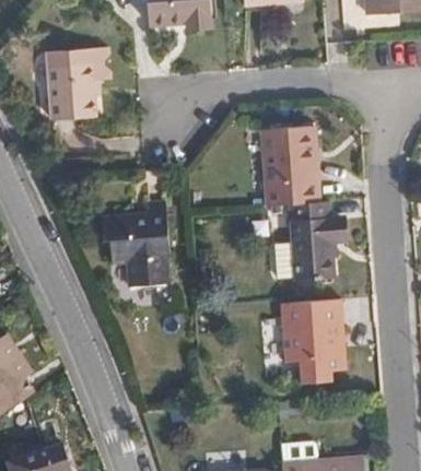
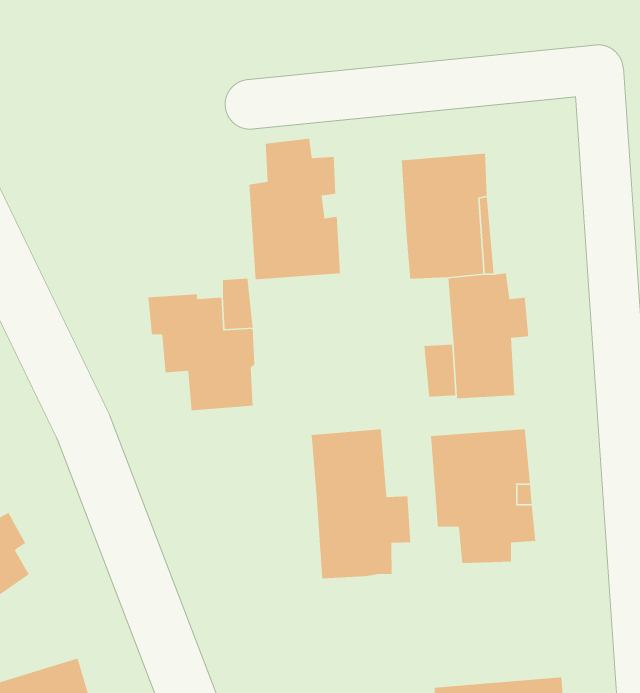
building: [48,48,110,120] -> none
building: none -> [248,138,341,280]
building: none -> [310,428,411,579]

